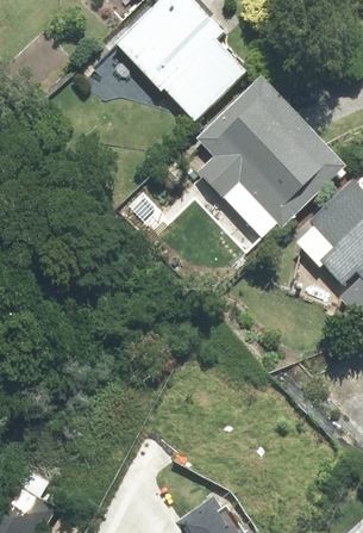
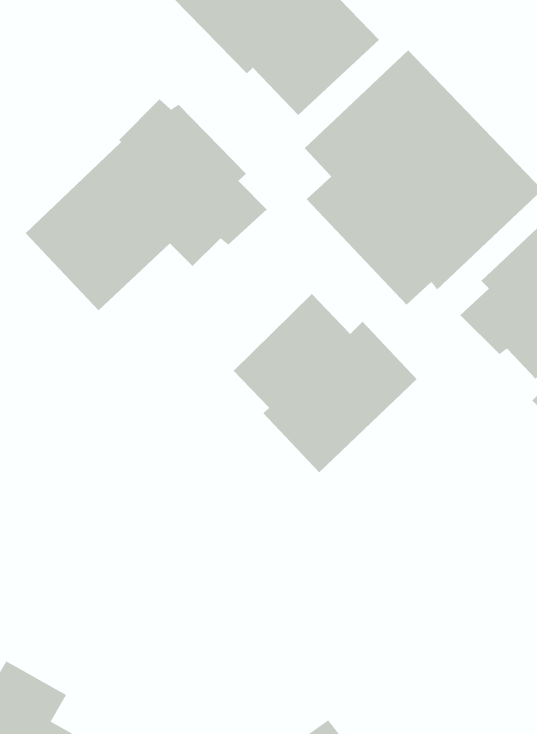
building: none -> [25,98,268,311]
building: none -> [233,293,418,473]

